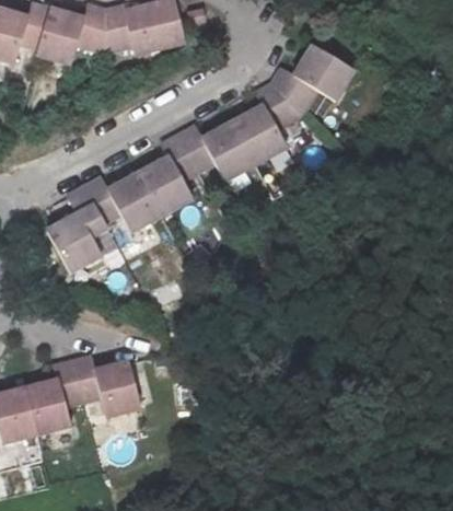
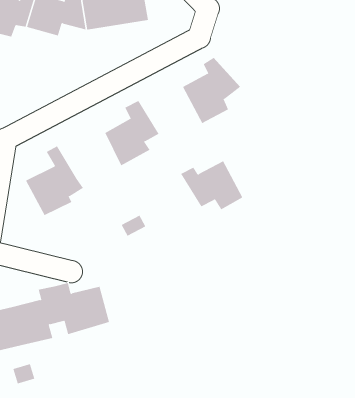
building: [269,49,351,119] -> none
building: [178,119,255,179] -> [180,160,243,210]
building: [80,175,156,233] -> none

